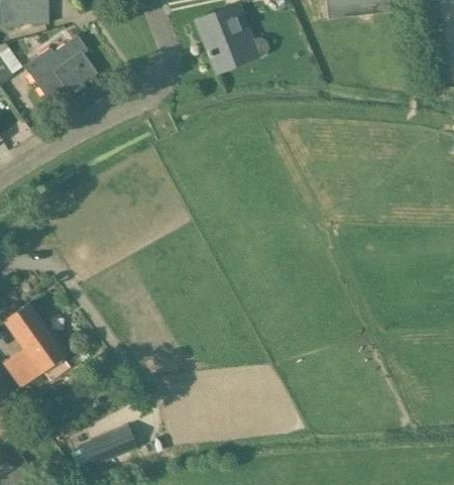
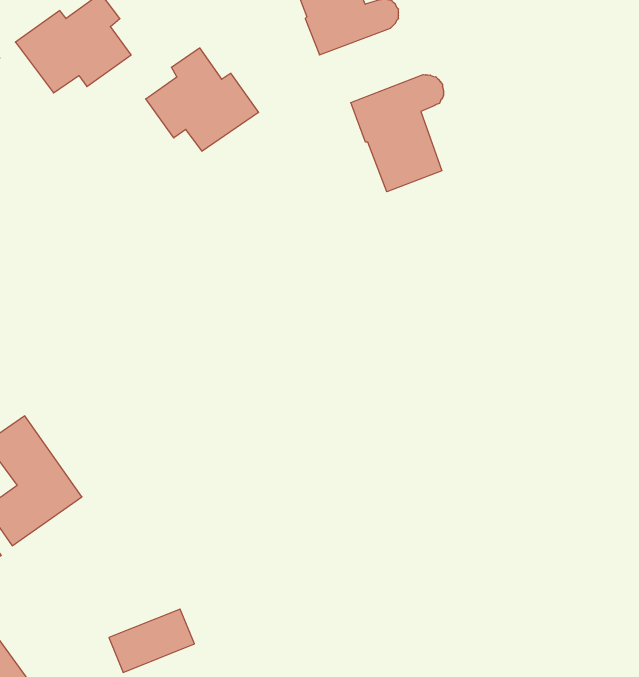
building: none -> [146,48,259,151]
building: none -> [351,75,444,192]

